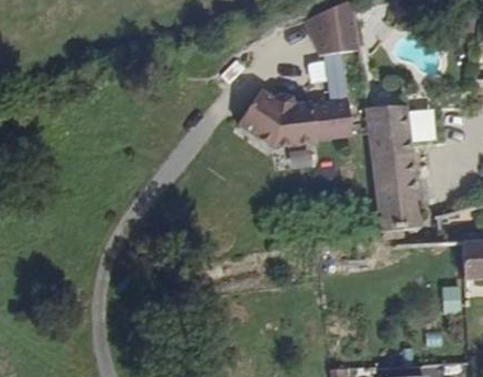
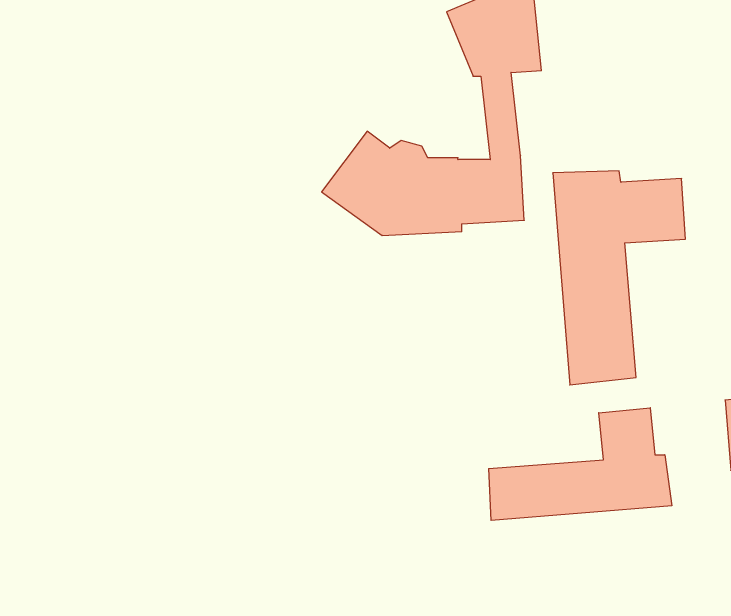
building: none -> [489,408,672,520]

